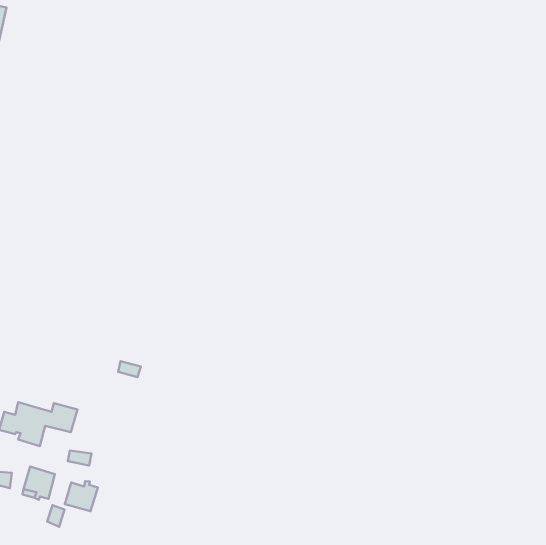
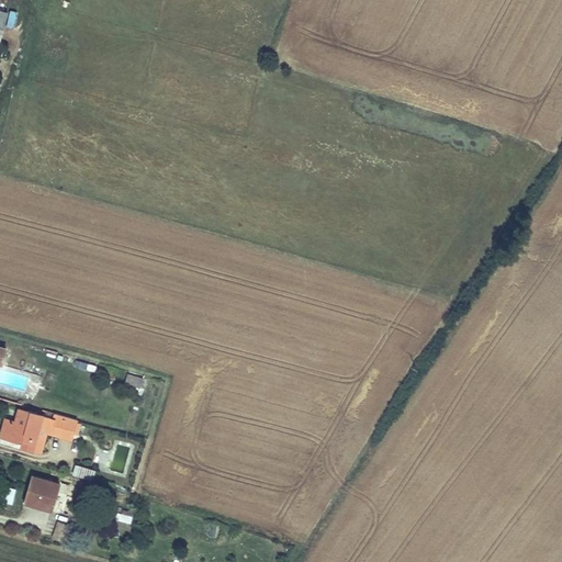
building: [65,481,98,511] -> none

